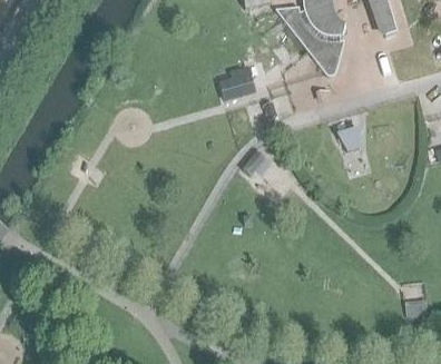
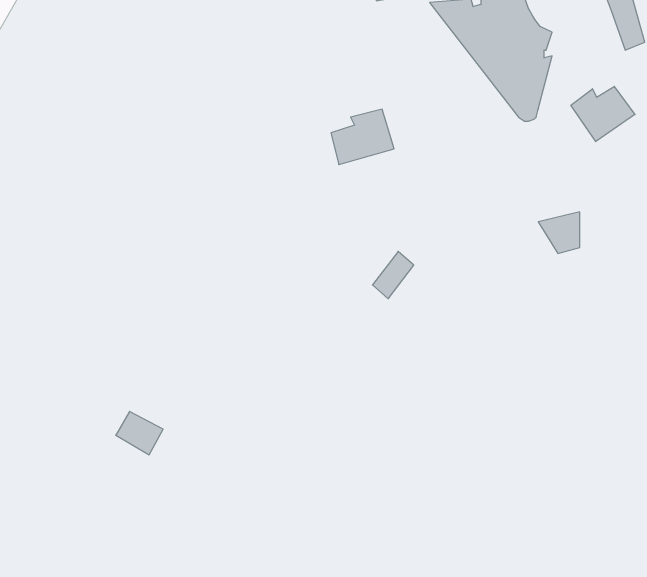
building: none -> [571,86,635,142]

